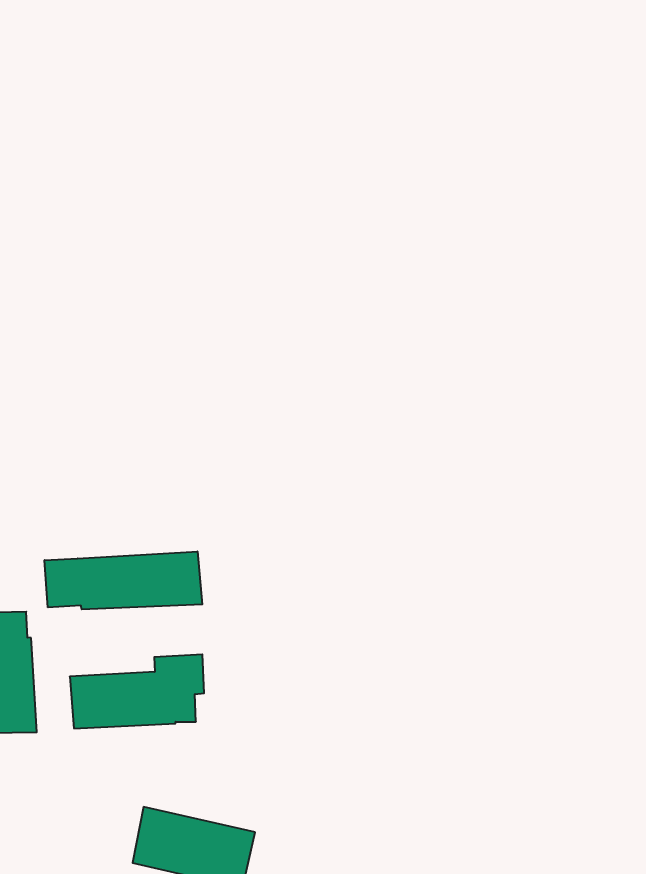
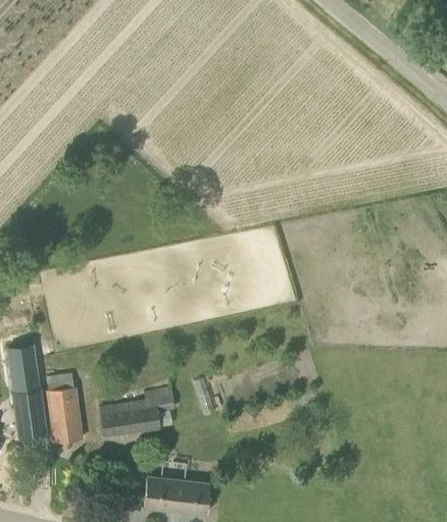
building: [45,551,202,609] -> none

